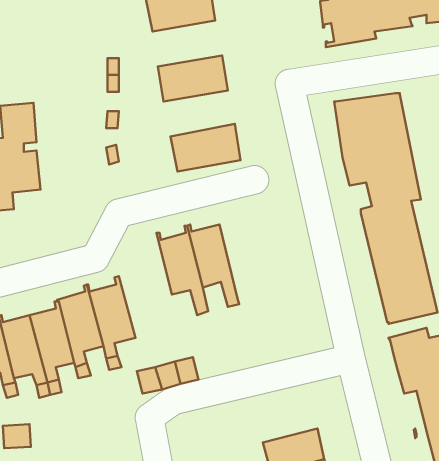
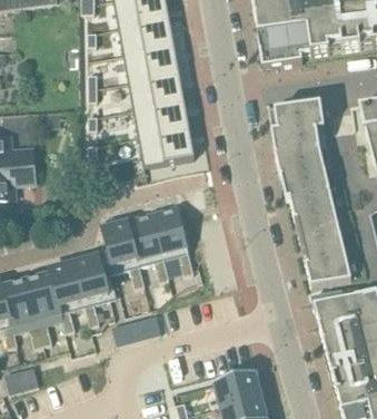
building: none -> [125,45,180,81]
building: none -> [133,100,190,137]
building: none -> [101,214,145,285]

